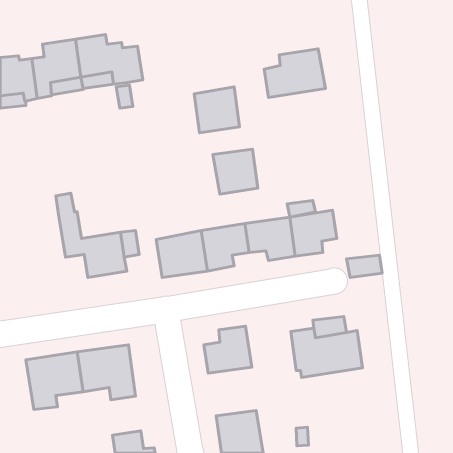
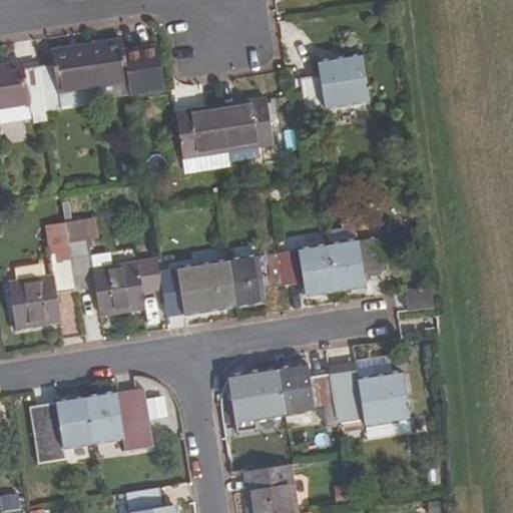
building: [213,149,258,194] -> [174,106,225,157]
building: none -> [10,242,74,327]
building: none -> [278,365,336,425]

